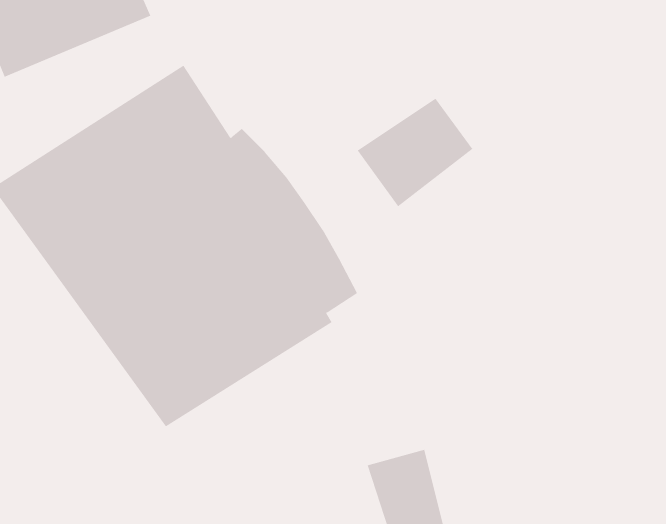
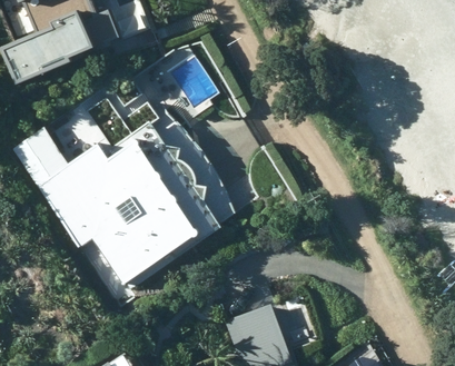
building: [357,98,473,207] -> none

